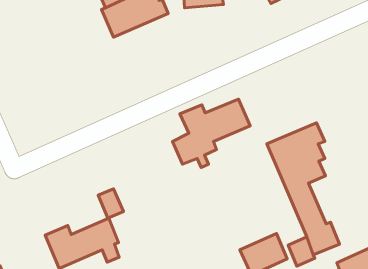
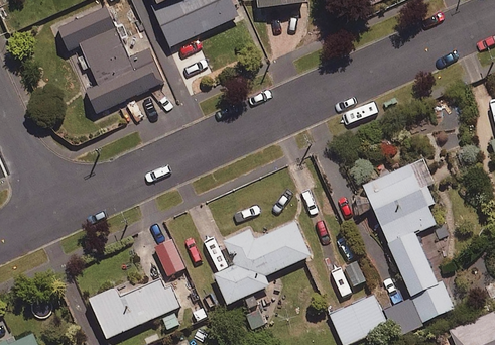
building: none -> [60,12,167,118]
building: [173,99,250,168] -> [214,222,310,307]

